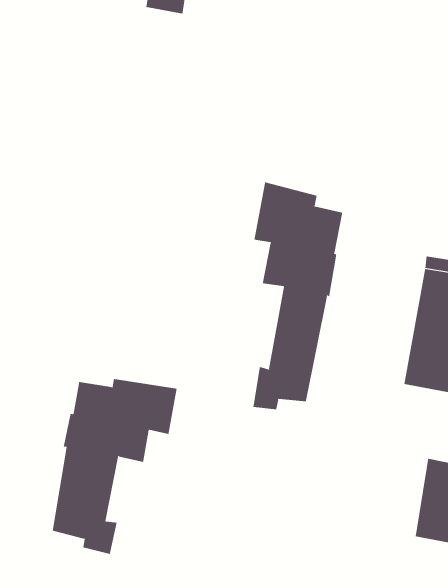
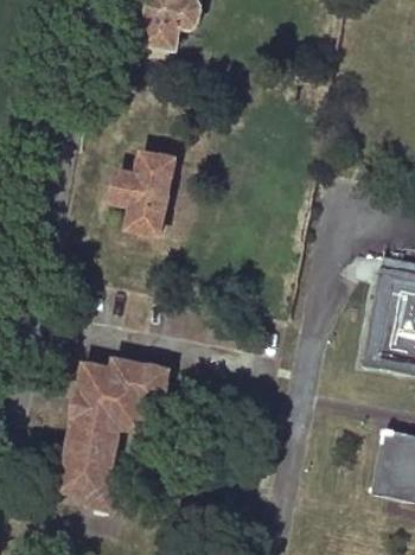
building: none -> [114,152,173,234]
building: [253,182,343,410] -> none

